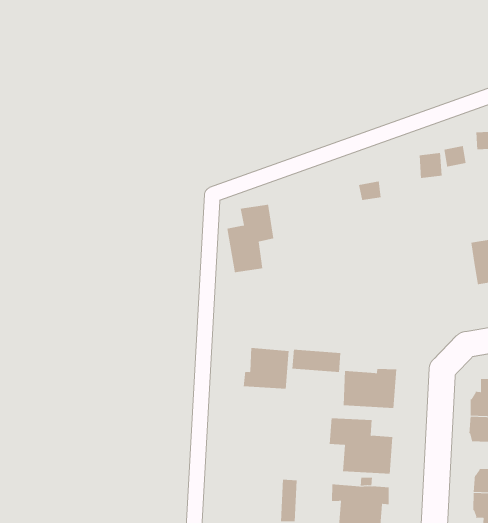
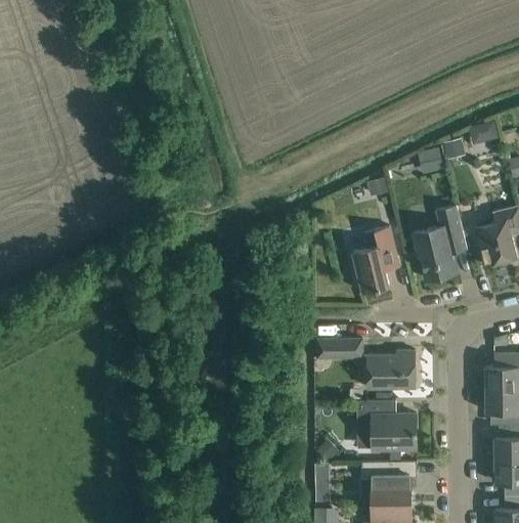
building: [226,204,274,273] -> [352,227,397,294]
building: none -> [413,206,467,280]
building: [243,347,289,389] -> none

